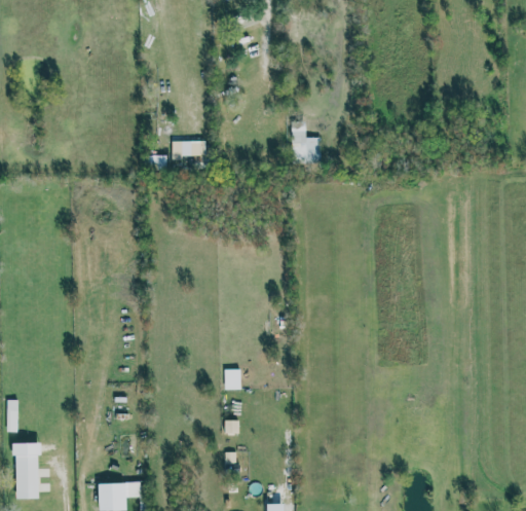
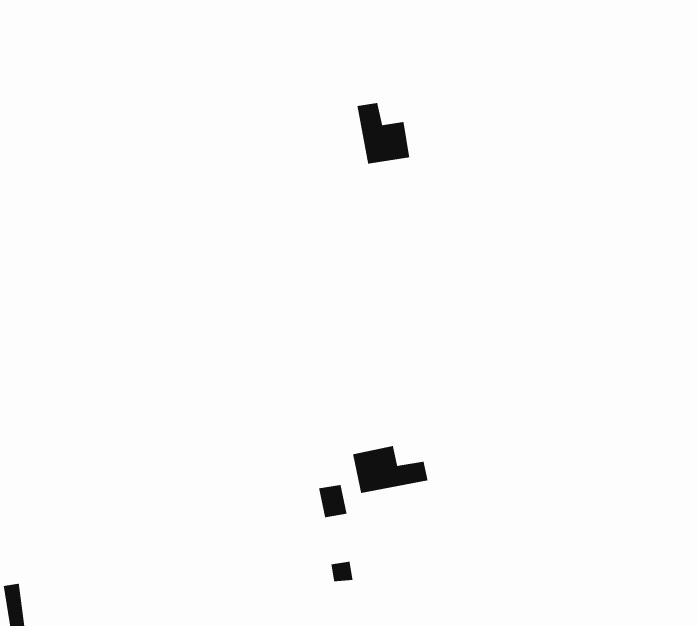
building: [172,140,205,159] -> none
building: none -> [352,445,428,494]

